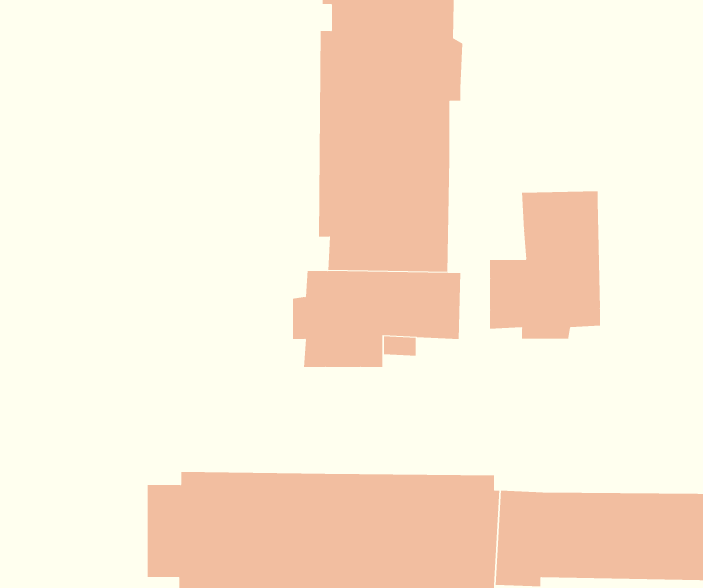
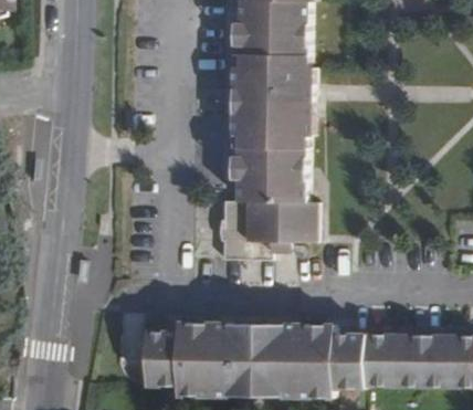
building: [490,190,600,339] -> none

